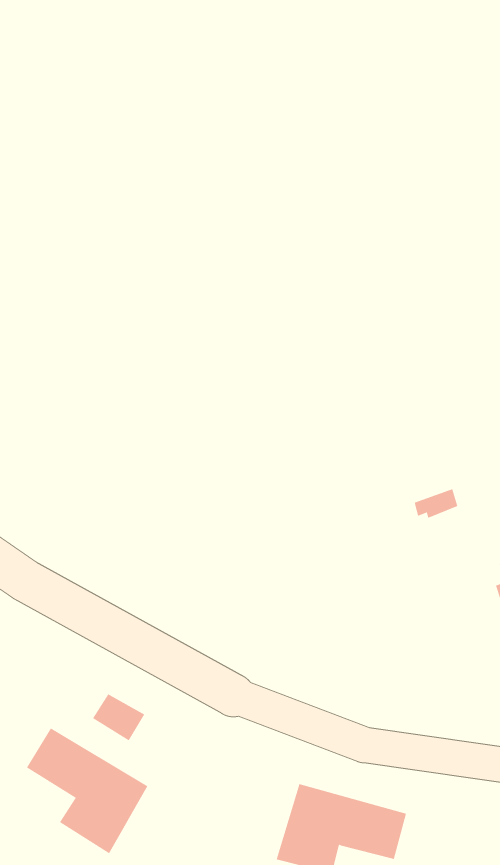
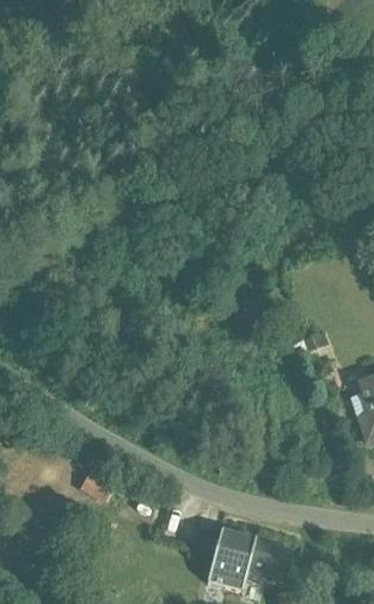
building: [26,728,148,854] -> none

